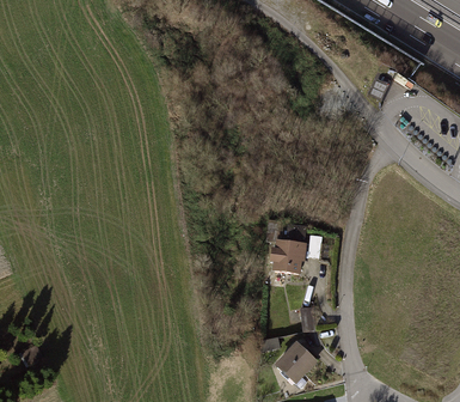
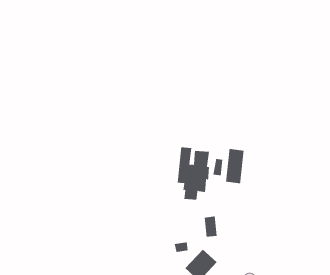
building: none -> [225,148,244,184]

